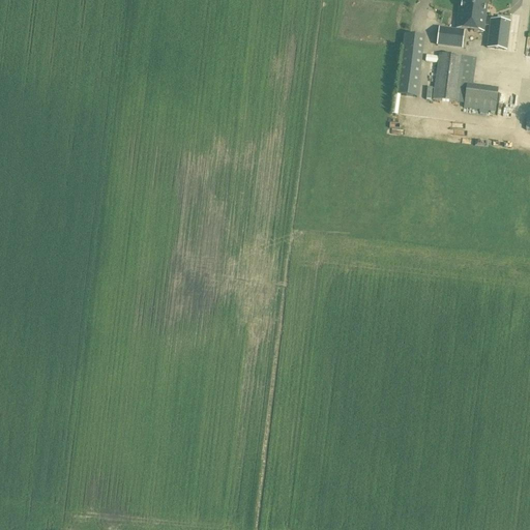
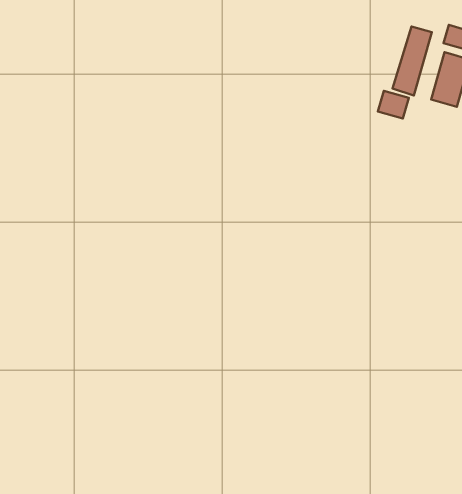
building: none -> [378,91,409,119]

